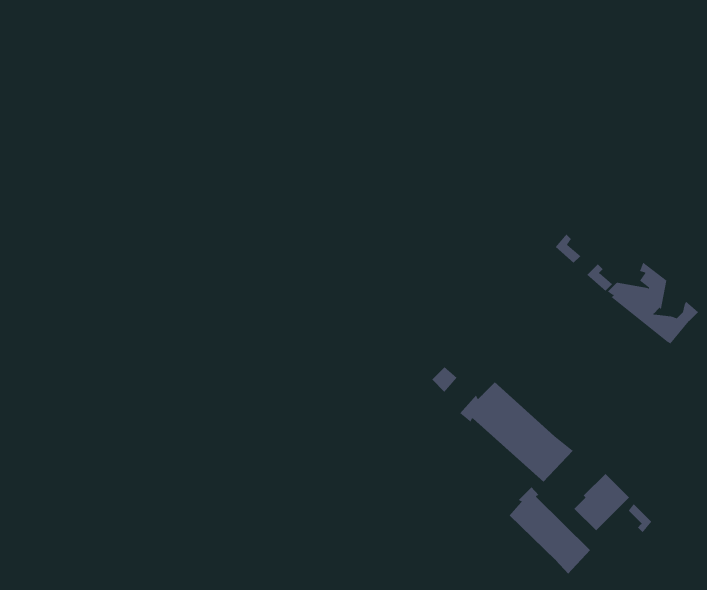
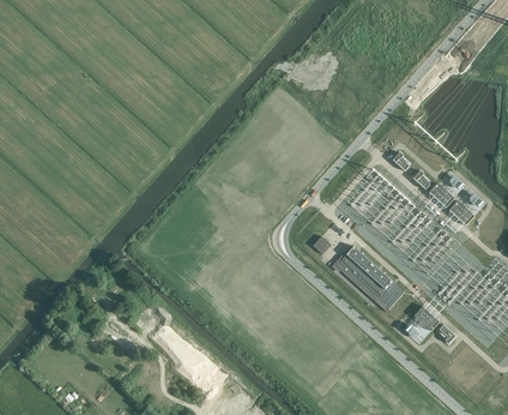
building: [509,487,591,575] -> none

